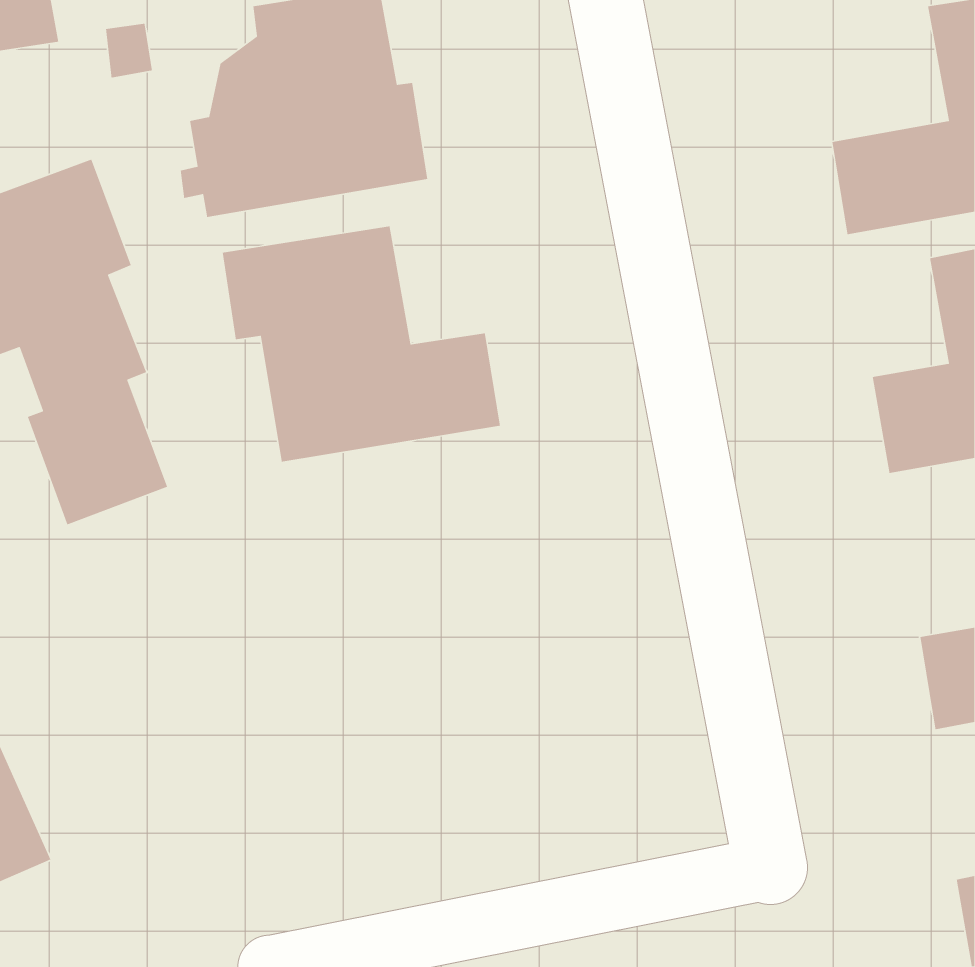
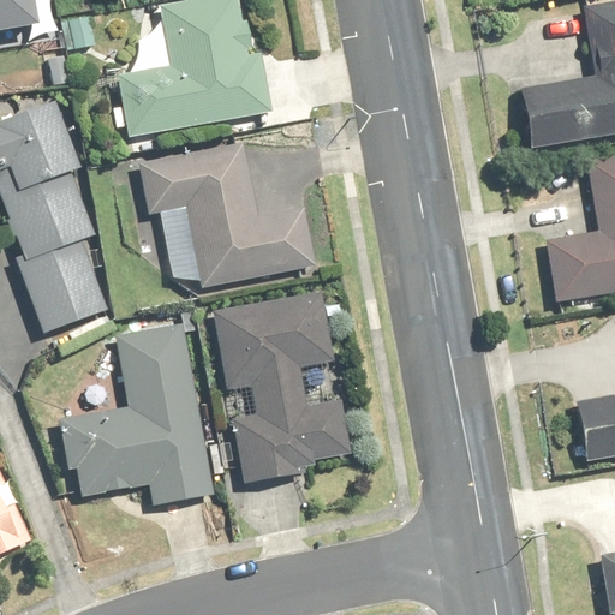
building: none -> [217,293,350,482]
building: none -> [60,323,214,506]

